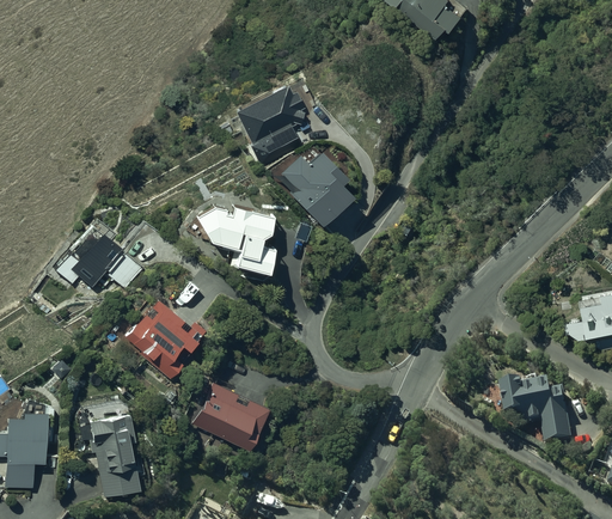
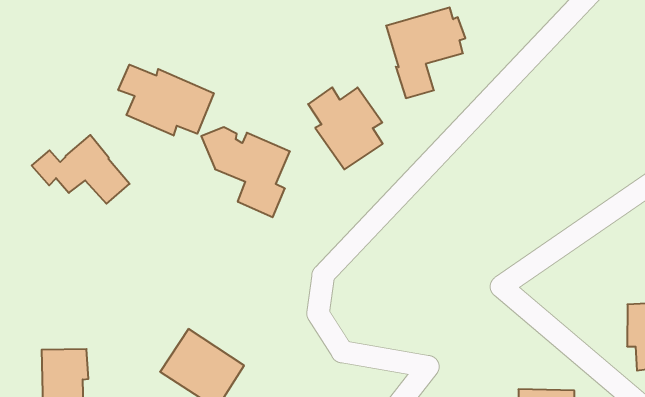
building: [235,87,305,171] -> [386,7,465,98]
building: none -> [118,65,214,136]
building: [127,297,208,375] -> none

